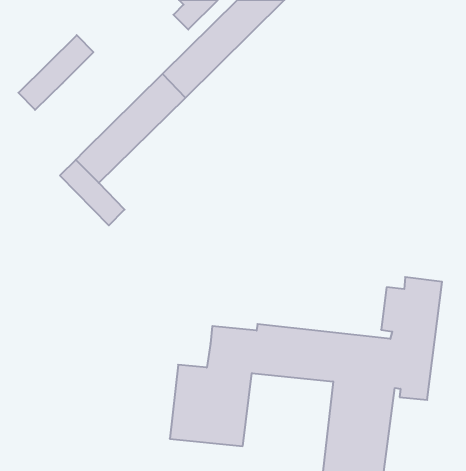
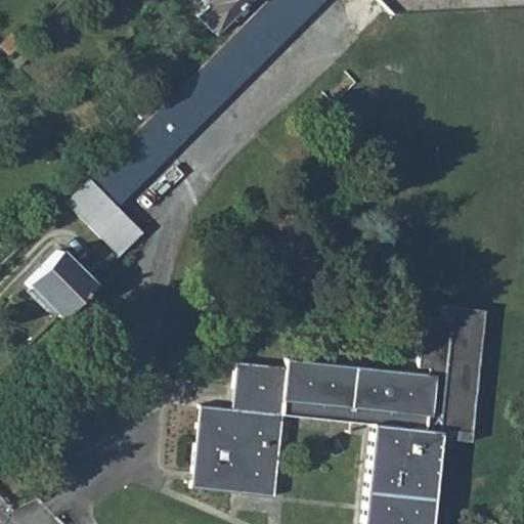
building: [18,35,93,110] -> none
building: none -> [29,249,94,315]

